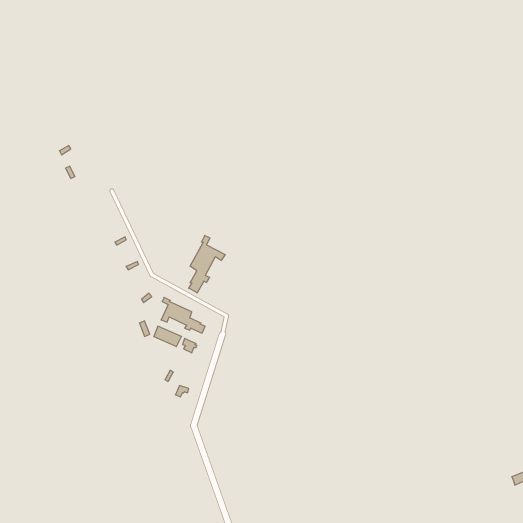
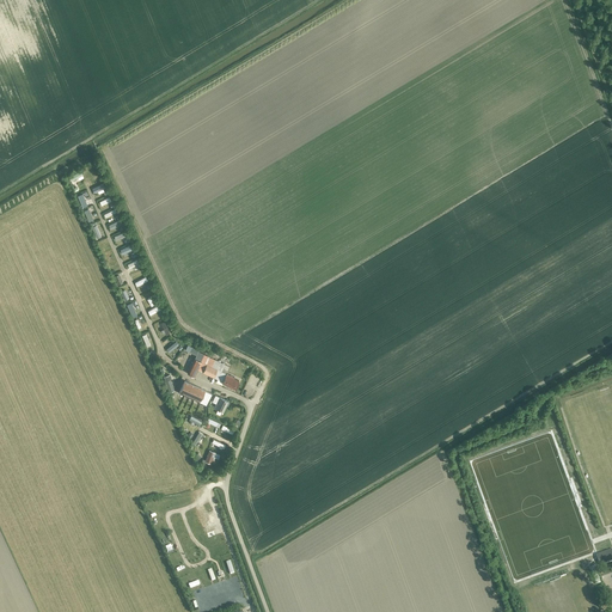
building: [189,235,225,293] -> none

